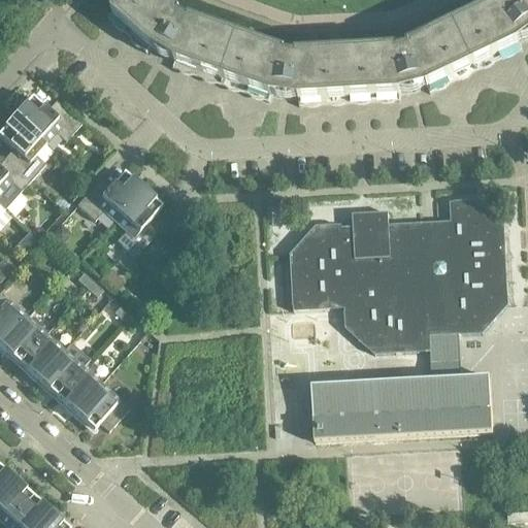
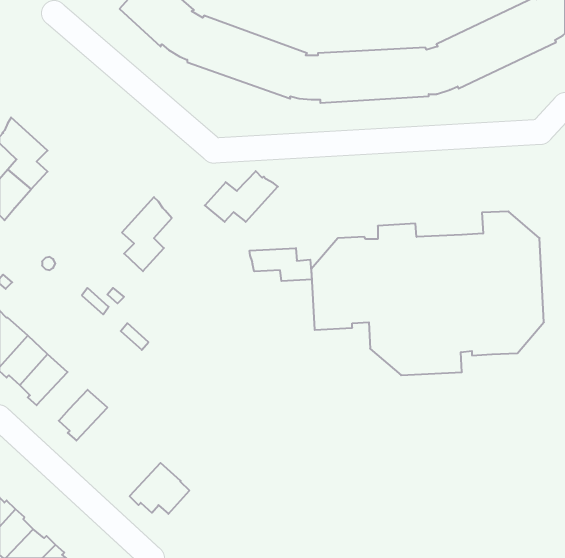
building: [10,93,80,140] -> none
building: [75,169,143,217] -> [205,171,278,222]
building: none -> [250,248,312,281]
building: [310,327,492,439] -> none
building: [34,346,81,392] -> none
building: [71,380,127,427] -> [130,463,189,514]

